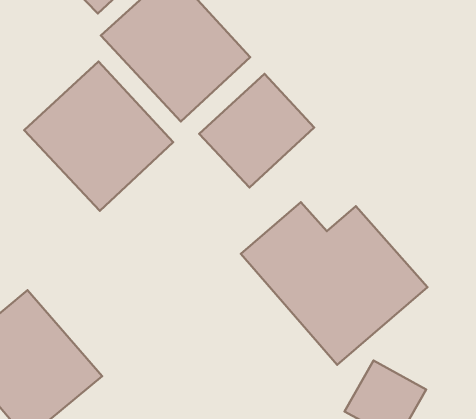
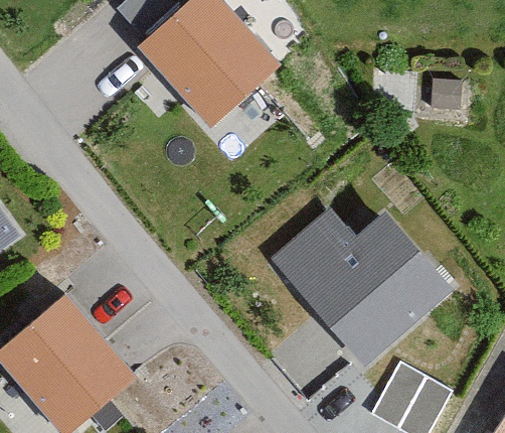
building: [24,61,173,211] -> none
building: [199,74,314,188] -> none

